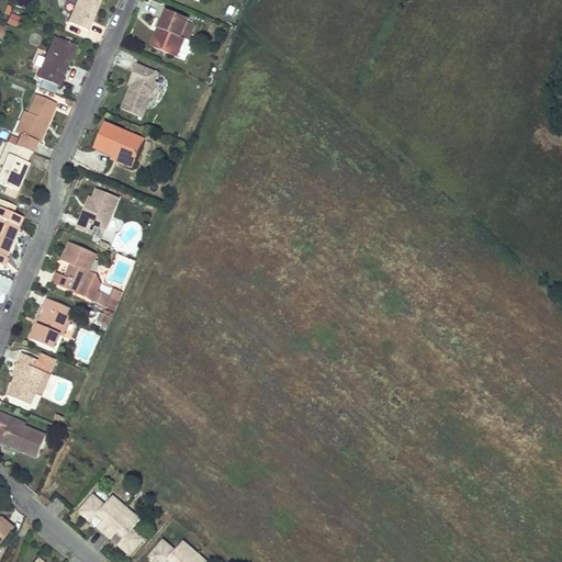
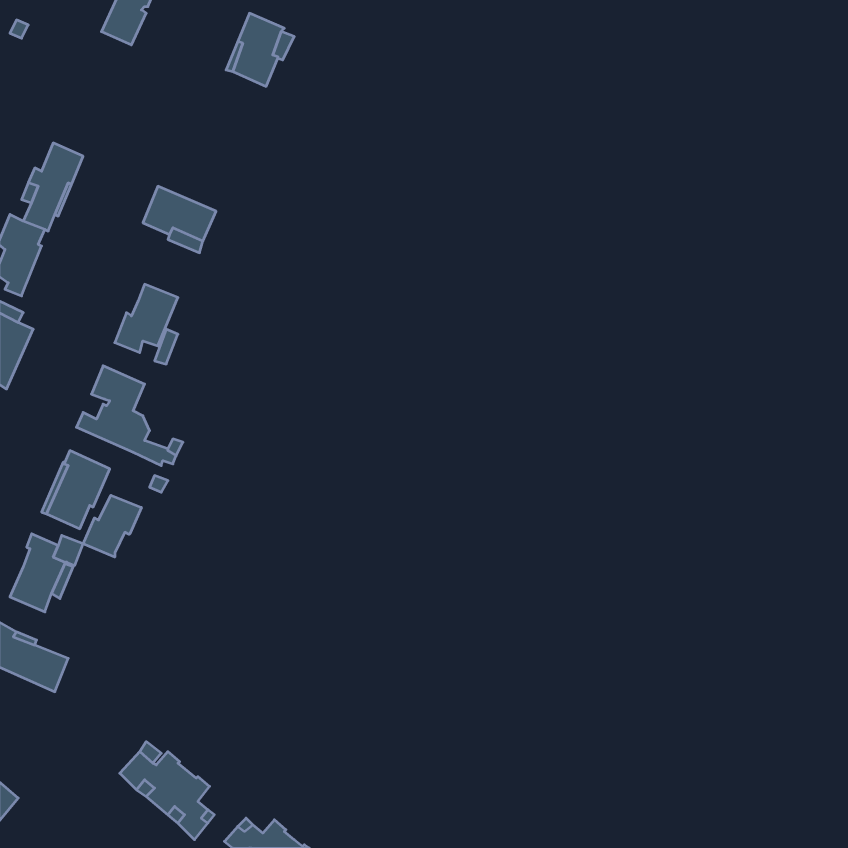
building: [36,36,76,86] -> none
building: [121,64,157,117] -> none
building: none -> [83,495,141,557]

